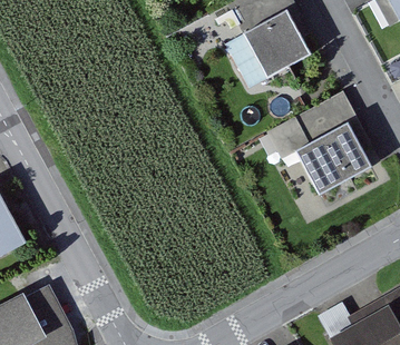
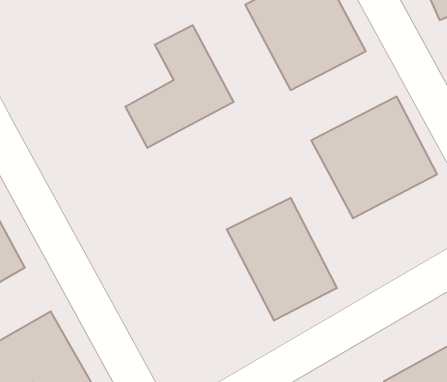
building: none -> [125,25,234,148]
building: none -> [227,198,337,321]

